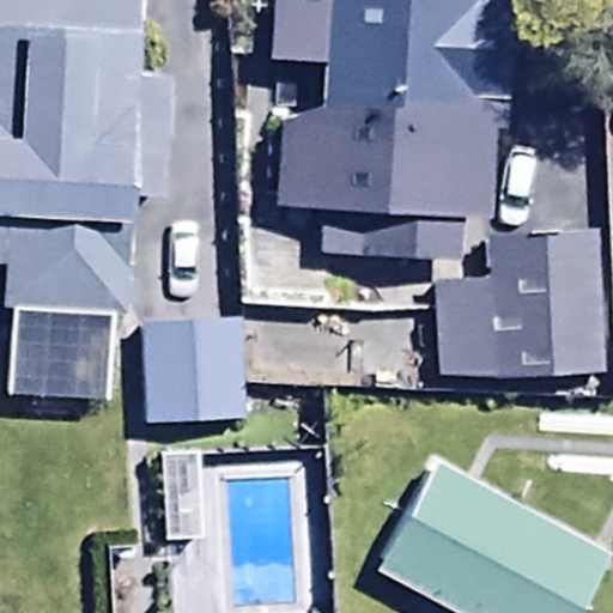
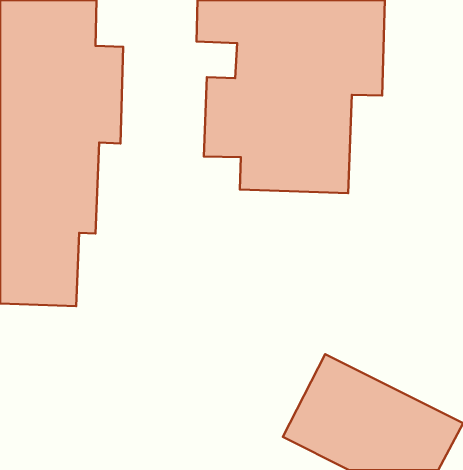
building: [431,230,606,376] -> none
building: [139,317,250,423] -> none

